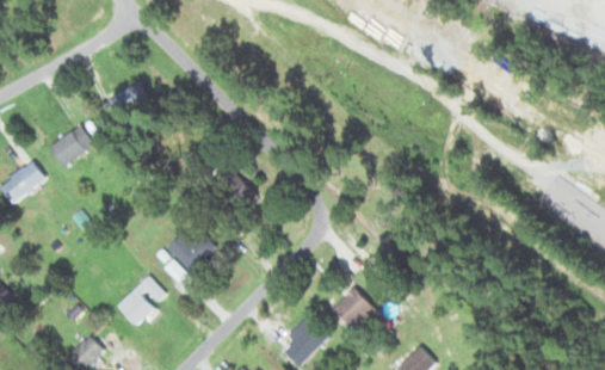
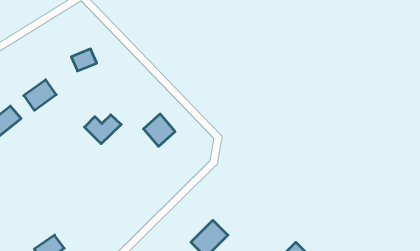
building: [167,233,217,272] -> [84,115,121,144]
building: [117,276,165,326] -> none
building: [333,288,372,326] -> none

